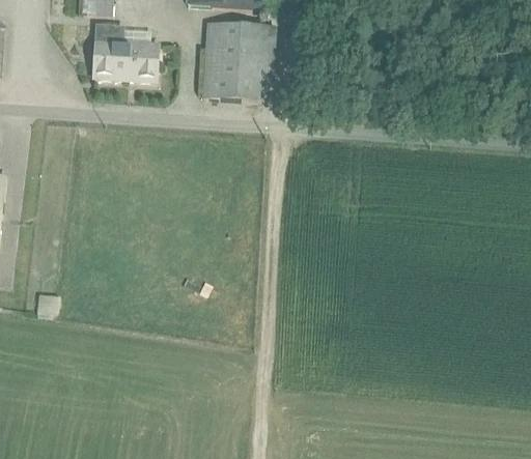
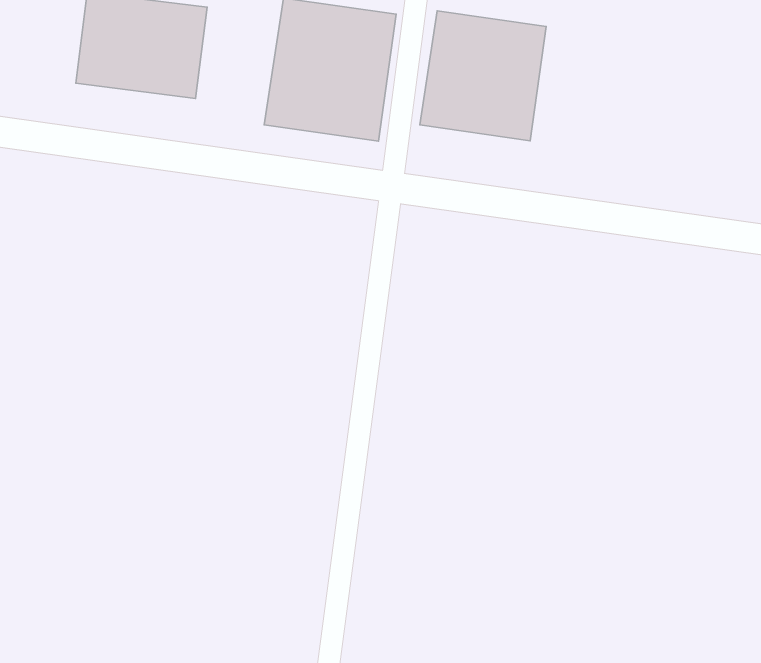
building: none -> [420,11,546,141]

